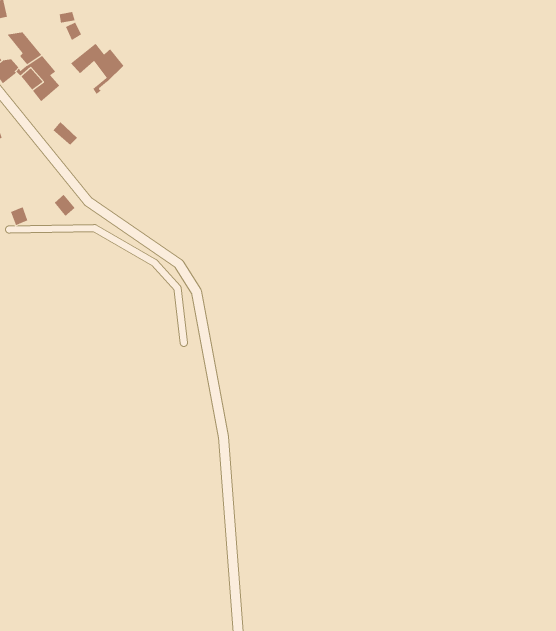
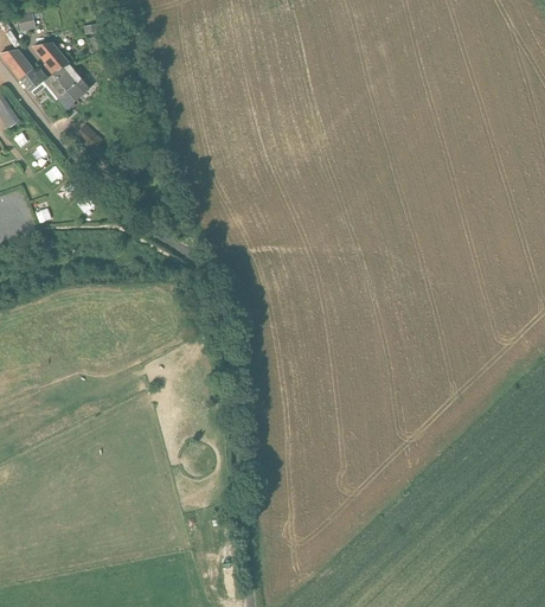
building: [70,43,124,95] -> none

